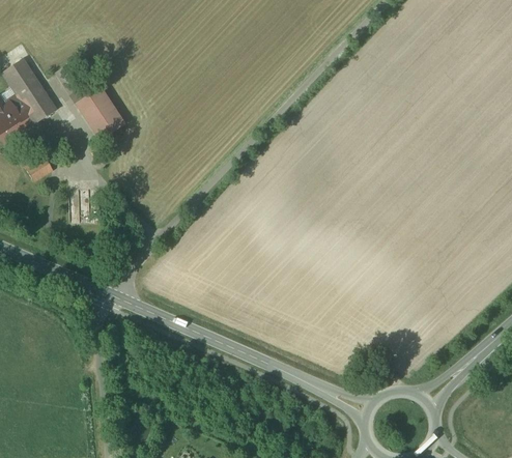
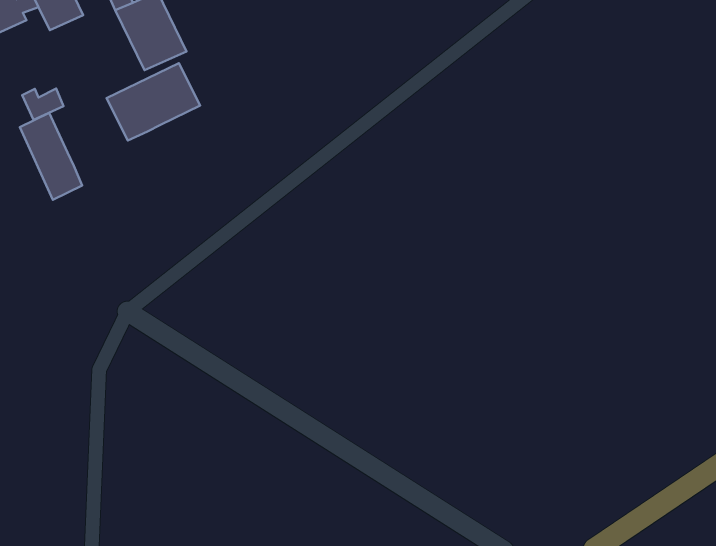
building: none -> [106,63,200,140]
building: none -> [20,113,82,200]

